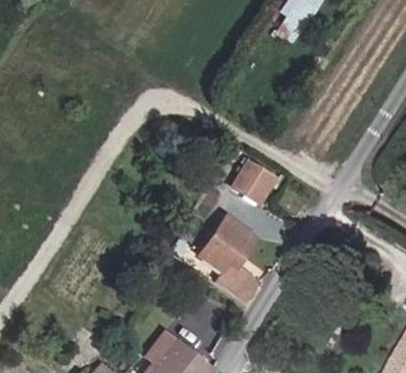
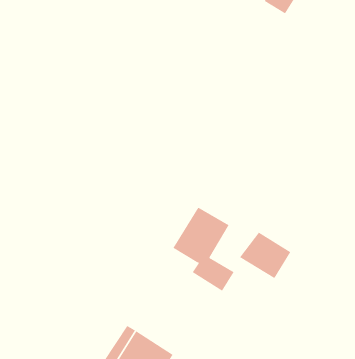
building: [234,161,285,208] -> [239,232,291,279]

